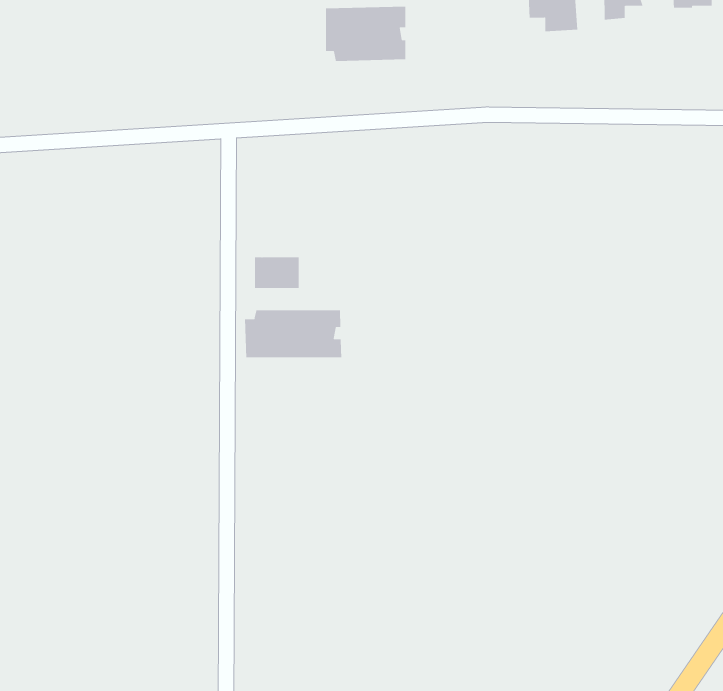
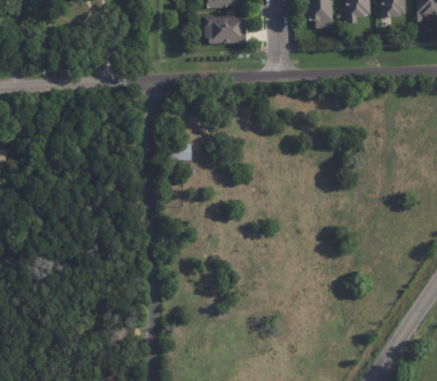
building: [245,310,342,358] -> none

